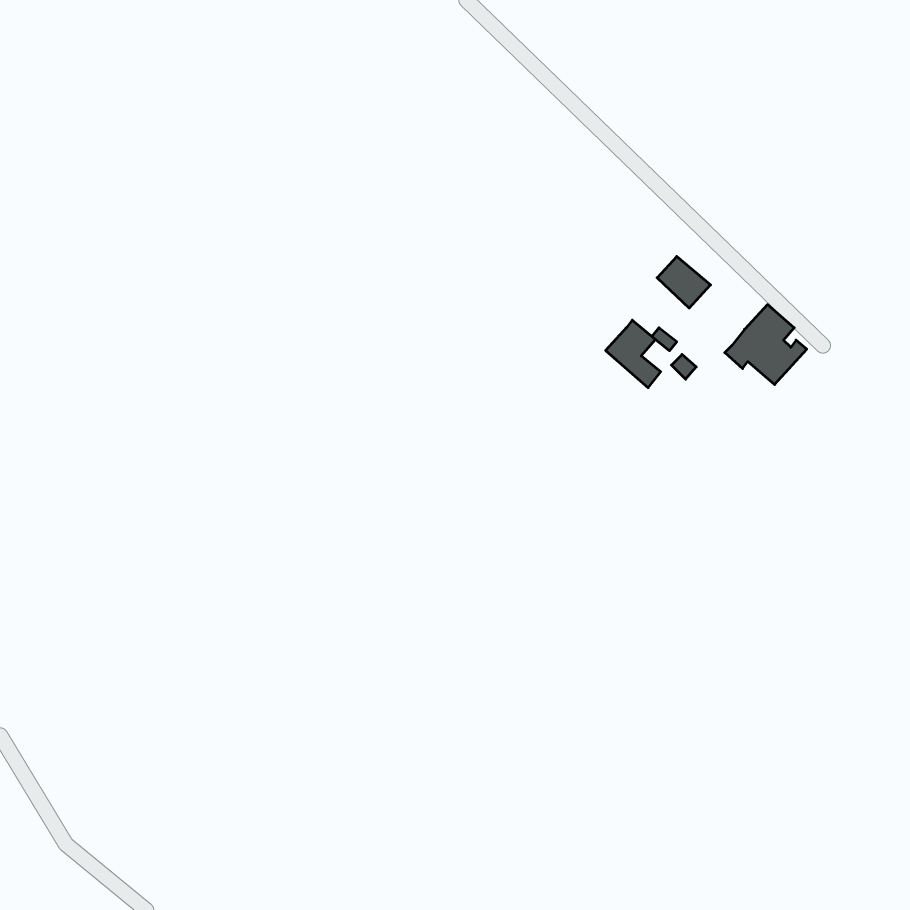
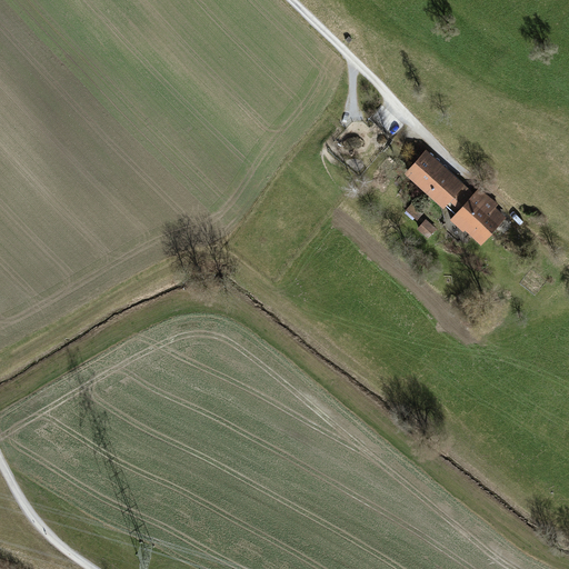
building: [606,320,661,388] -> [430,173,465,216]

